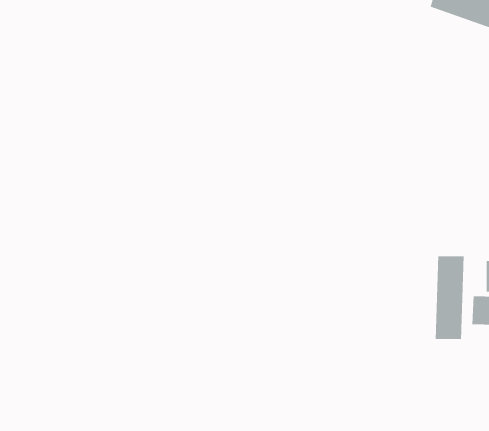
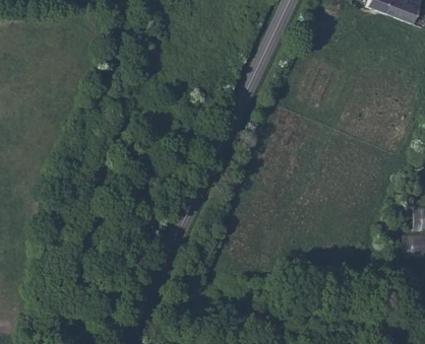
building: [435,256,464,340] -> none

